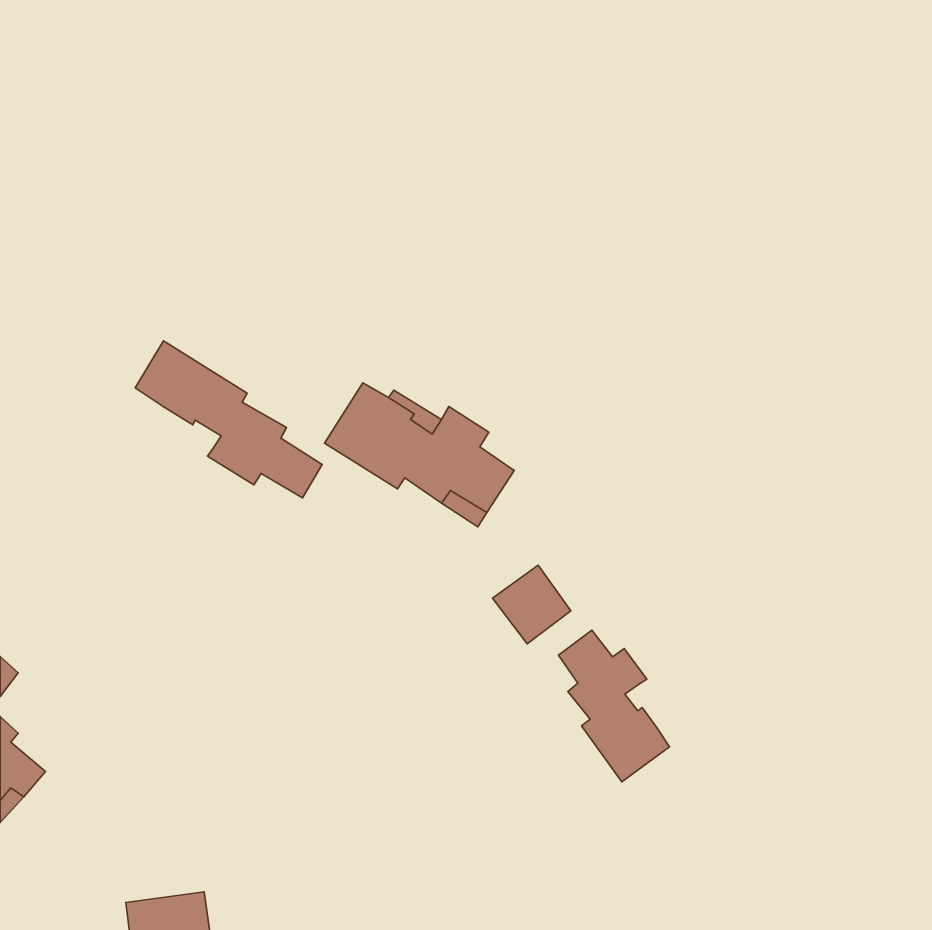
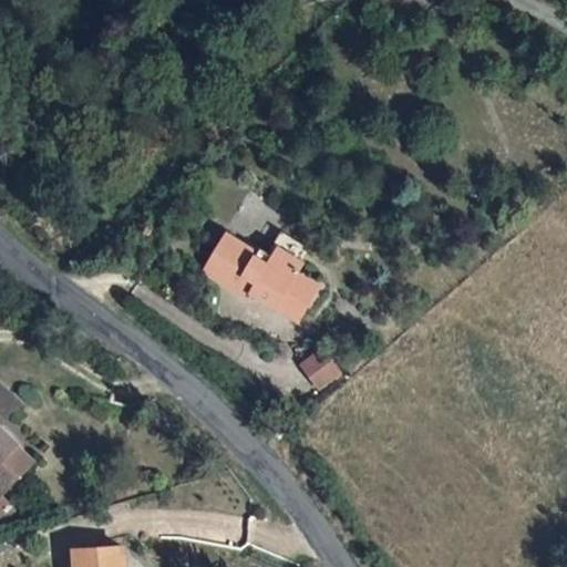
building: [135,341,322,498] -> none
building: [558,630,670,782] -> none

